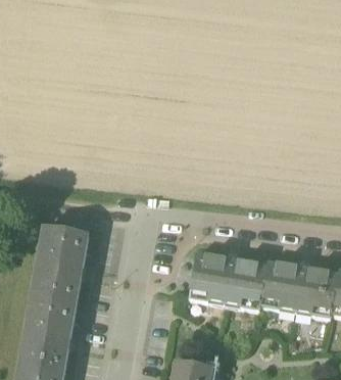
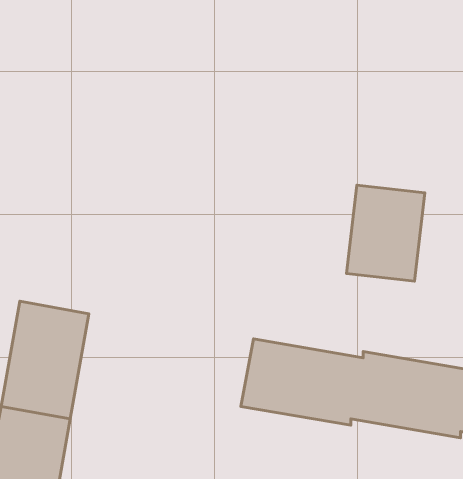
building: none -> [347,185,425,281]

